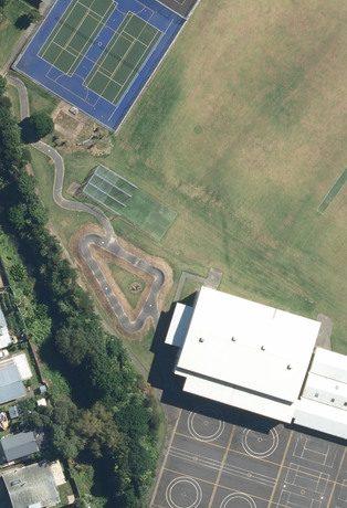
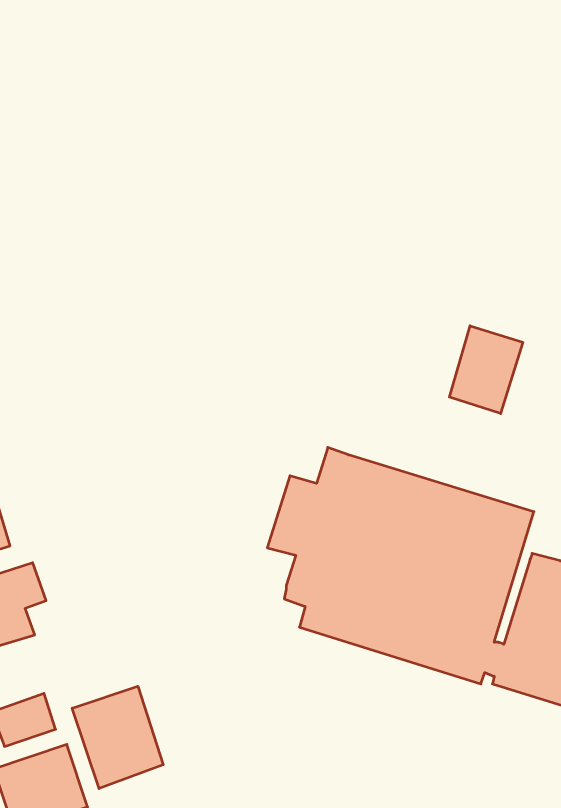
building: none -> [449,326,523,414]
building: none -> [72,686,163,789]

